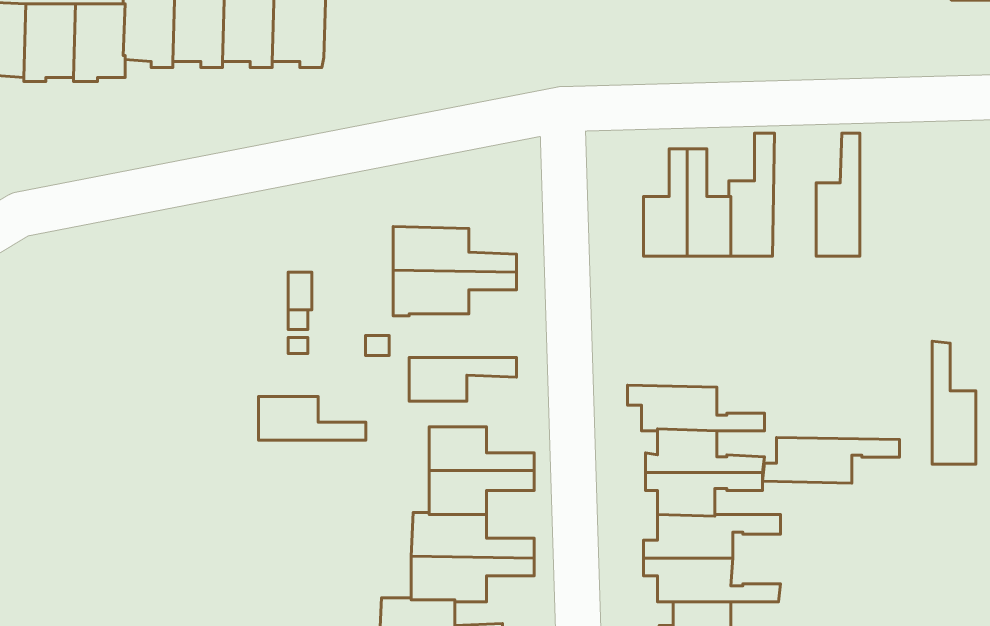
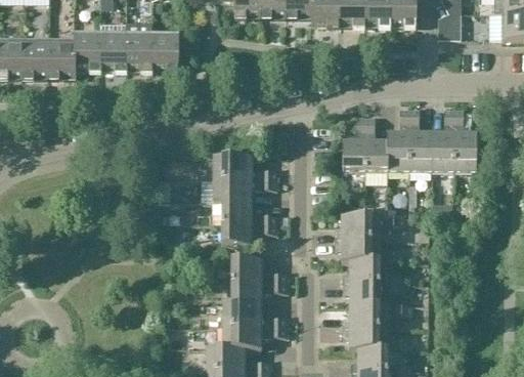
building: none -> [408,108,431,171]
building: [932,341,976,464] -> [453,108,476,171]
building: [259,396,366,440] -> [221,201,276,223]
building: [763,437,900,483] -> [334,215,404,239]

